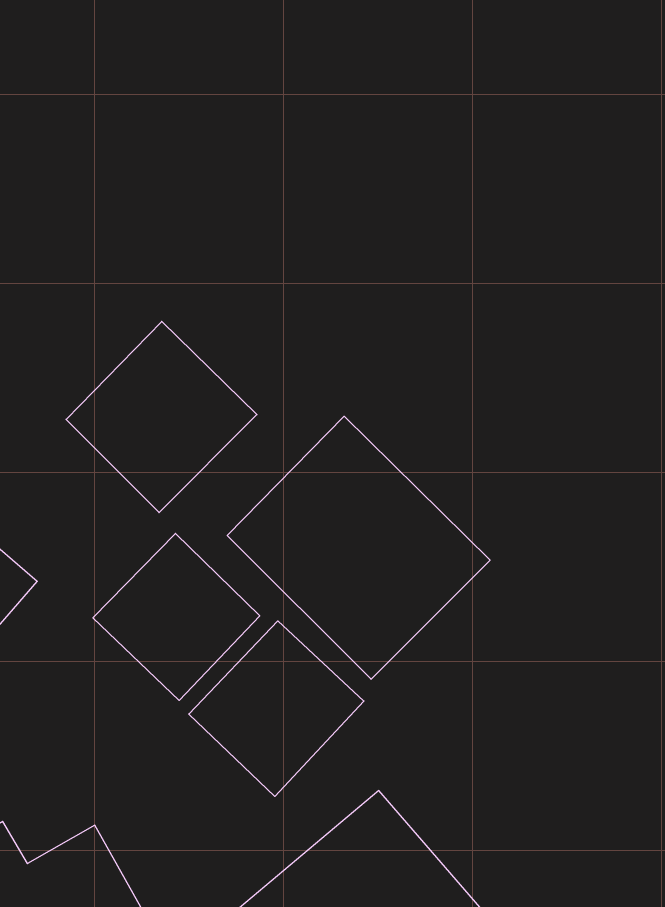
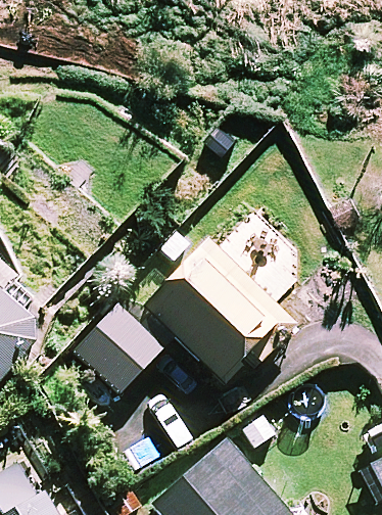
building: [66,321,257,513] -> none
building: [189,621,364,796] -> none

